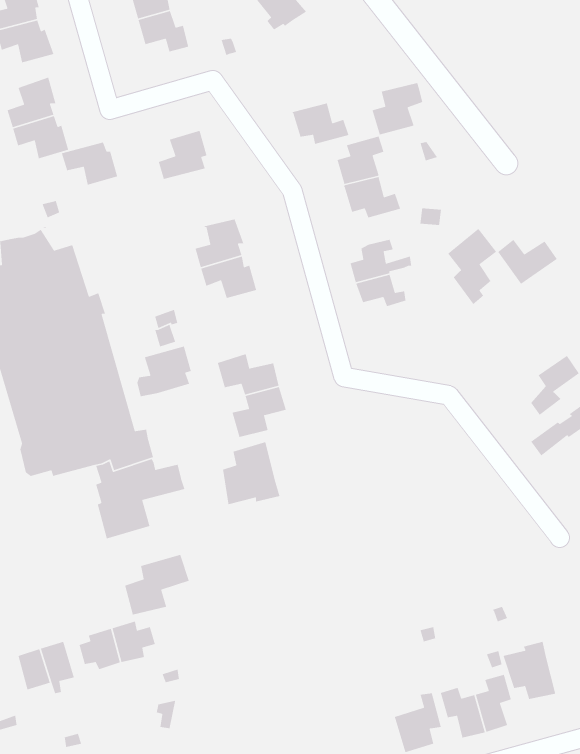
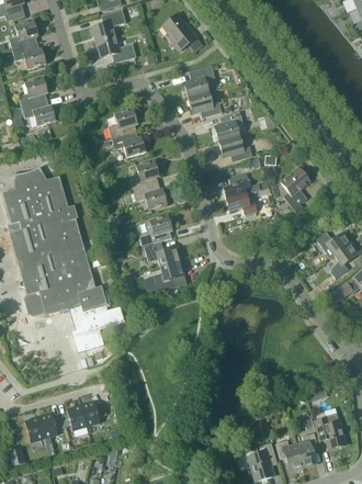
building: [372,82,423,136] -> [183,65,214,97]
building: [61,142,118,186] -> [111,131,145,157]
building: [497,239,558,285] -> [315,229,351,257]
building: [137,346,192,397] -> [139,214,172,245]
building: [222,441,280,505] -> none
building: [124,554,190,615] -> none

